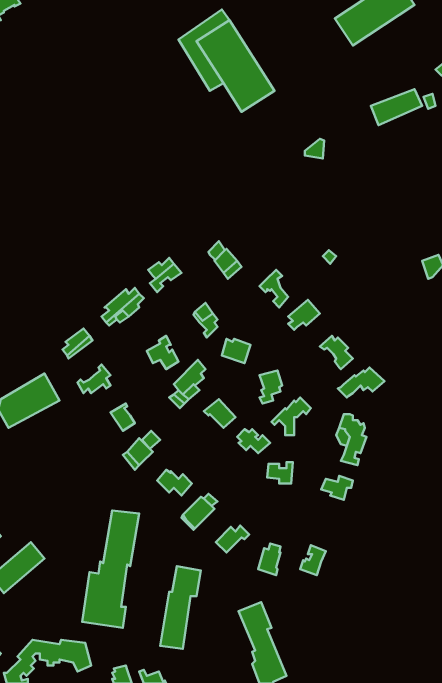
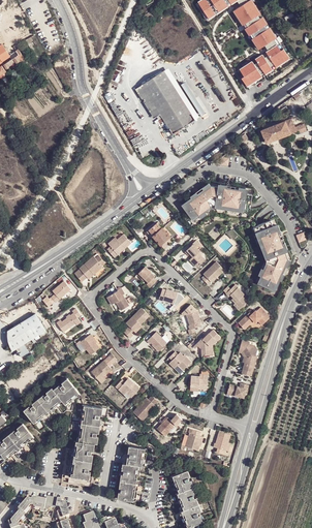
building: none -> [181,183,250,216]
building: none -> [255,221,288,291]
building: none -> [25,382,81,428]

